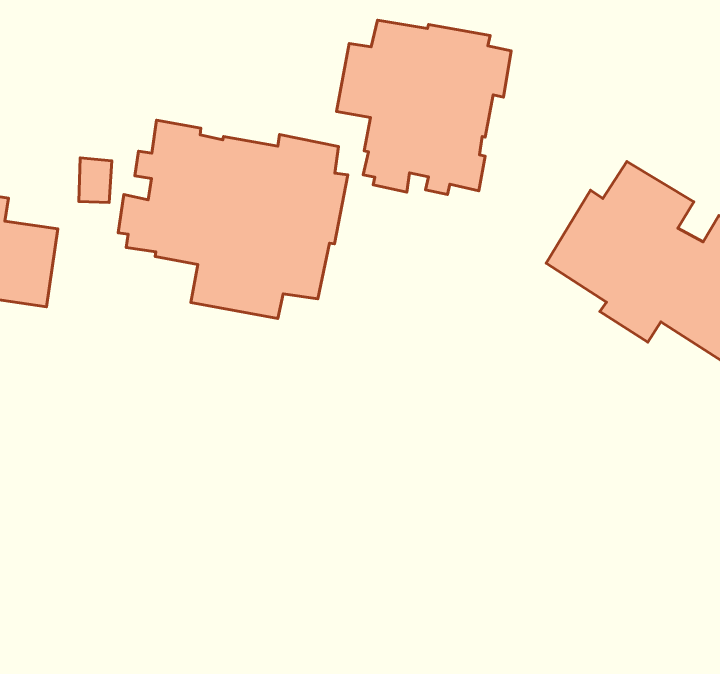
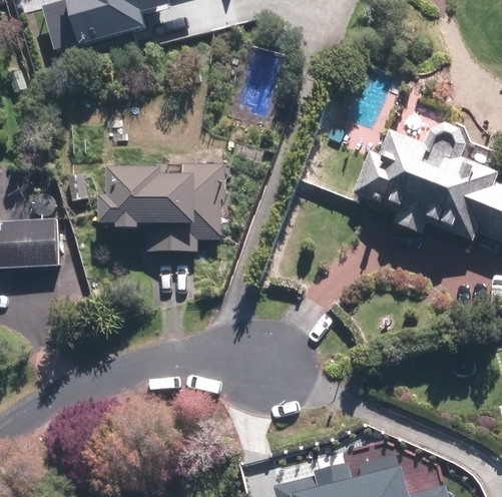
building: [337,20,511,194] -> none

